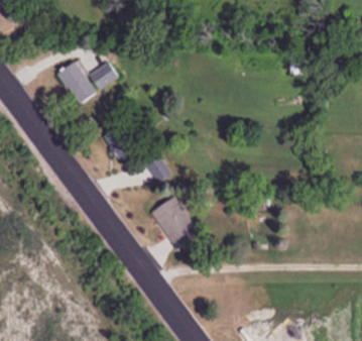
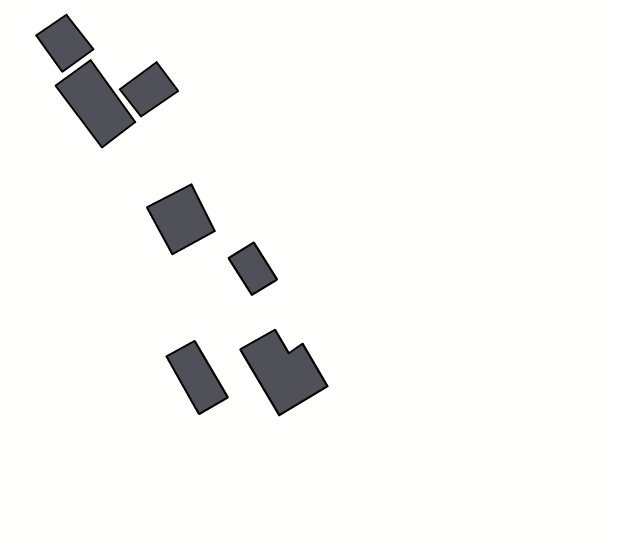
building: none -> [36,15,93,72]
building: none -> [166,341,228,414]

